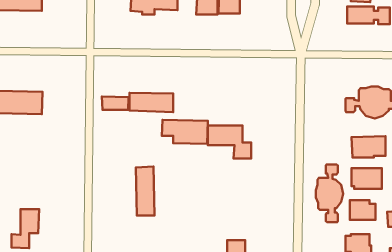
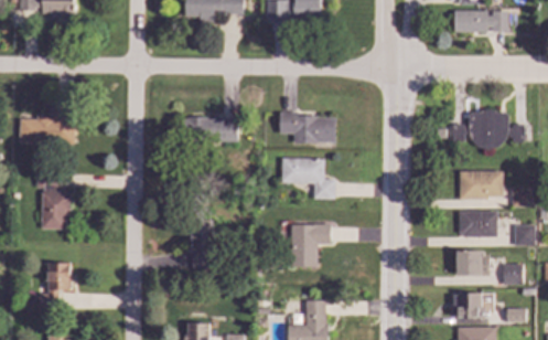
building: [102,97,129,110] -> none
building: [162,120,208,144] -> [279,114,336,144]
building: none -> [36,173,69,230]
building: [316,165,343,222] -> none
building: none -> [290,223,331,268]

